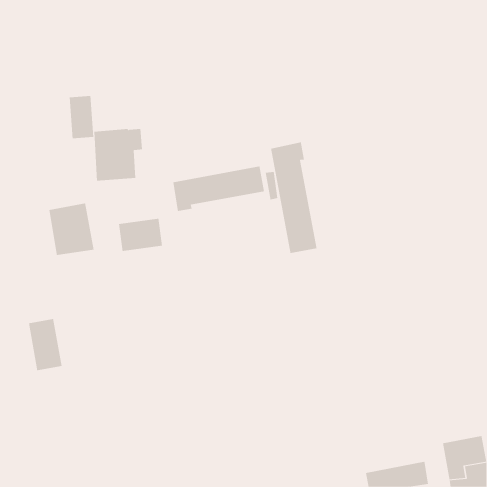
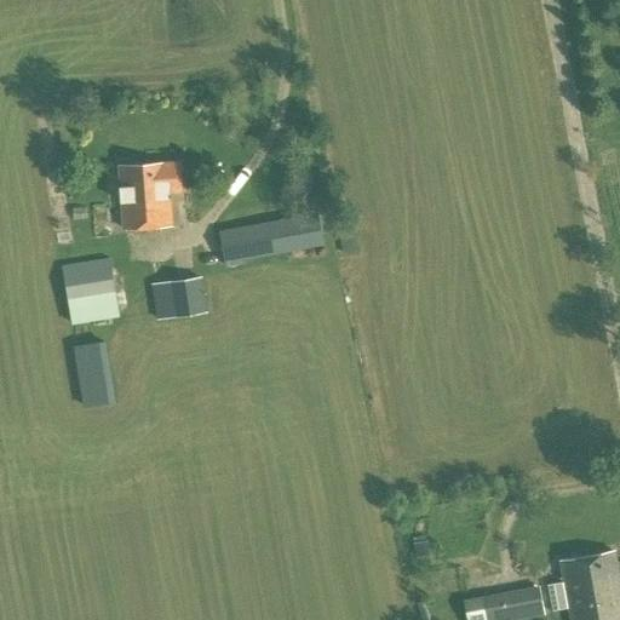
building: [69,95,94,139] -> none
building: [271,142,317,254] -> none
building: [28,319,62,371] -> [74,337,117,403]

